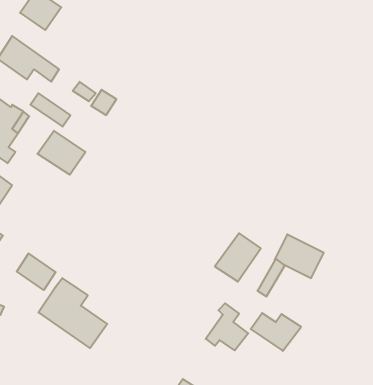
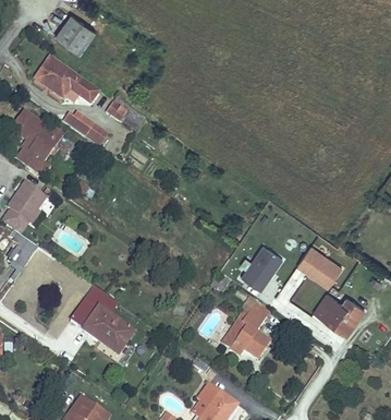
building: [37,131,85,175] -> none
building: [17,253,56,290] -> none
building: [251,313,301,351] -> [316,296,364,332]

